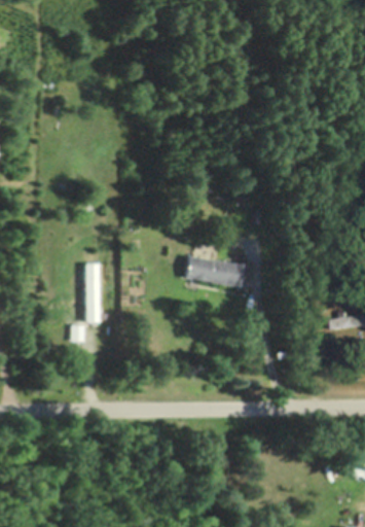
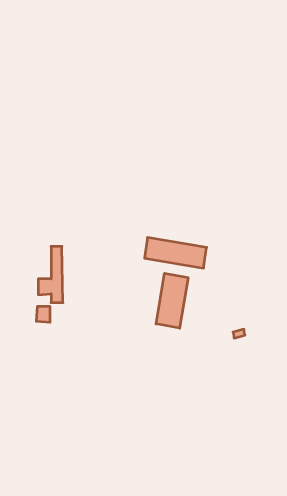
building: none -> [156,273,188,328]

